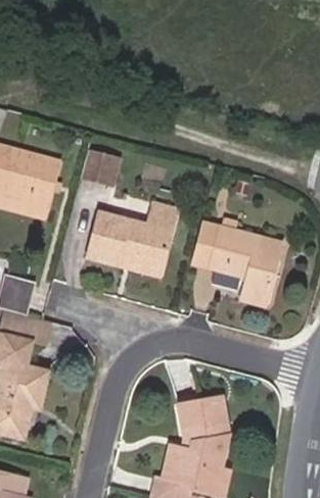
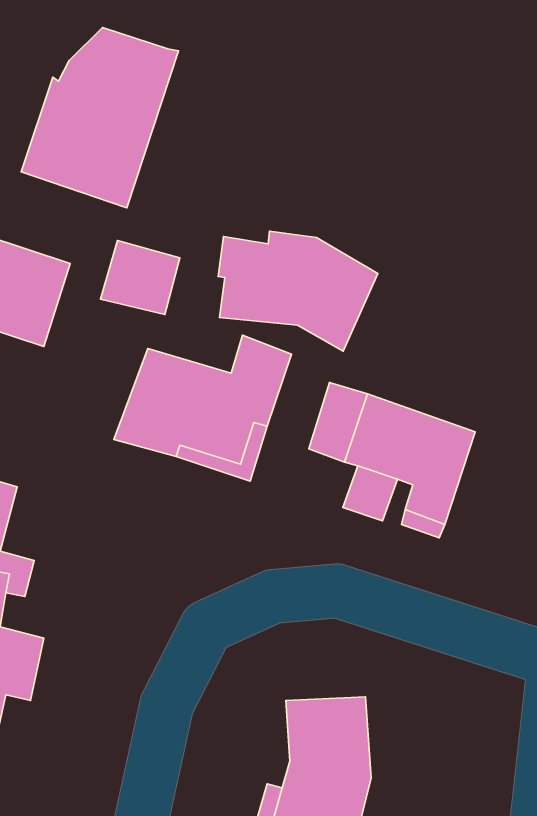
building: none -> [21,28,179,208]
building: none -> [218,231,378,351]

